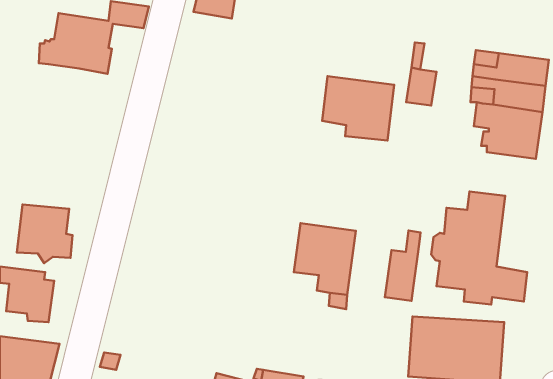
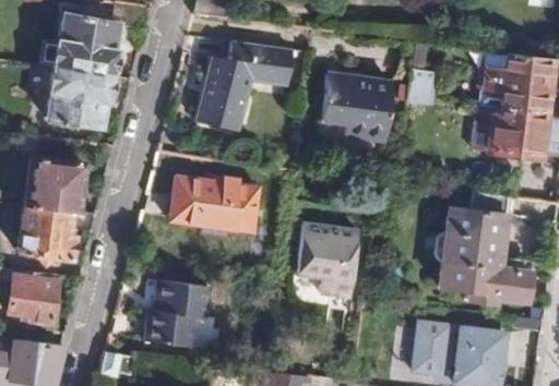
building: none -> [199,41,298,132]
building: none -> [46,65,110,126]
building: none -> [25,158,84,212]
building: none -> [173,179,260,233]
building: [385,231,421,301] -> none
building: none -> [146,282,210,348]

